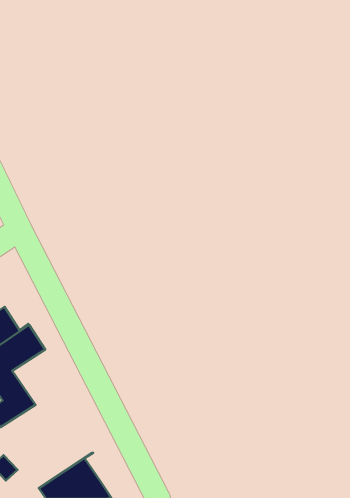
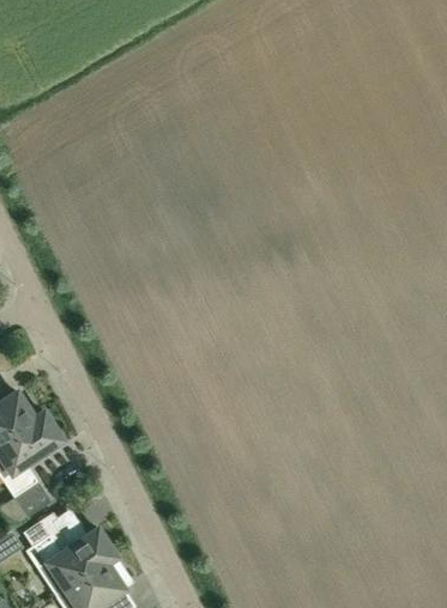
building: none -> [24,511,116,594]

